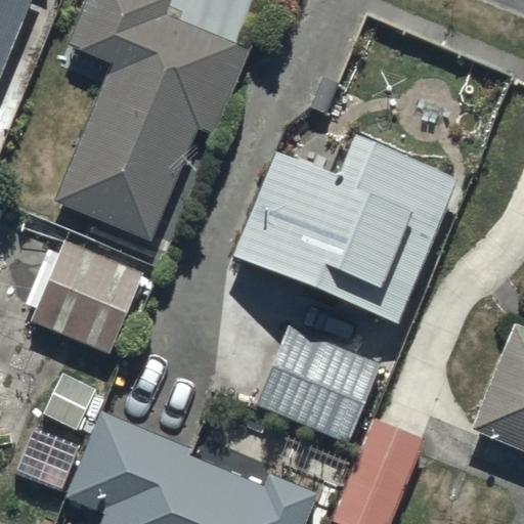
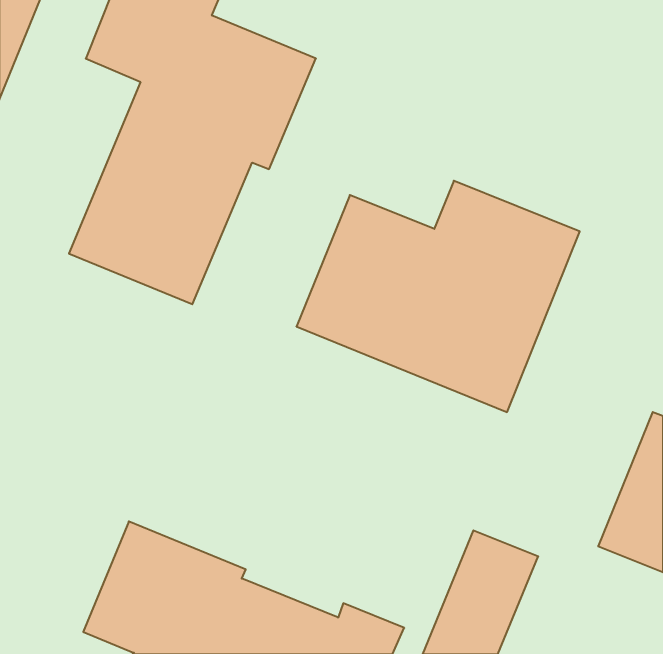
building: [32,239,143,352] -> none
building: [257,325,381,442] -> none

